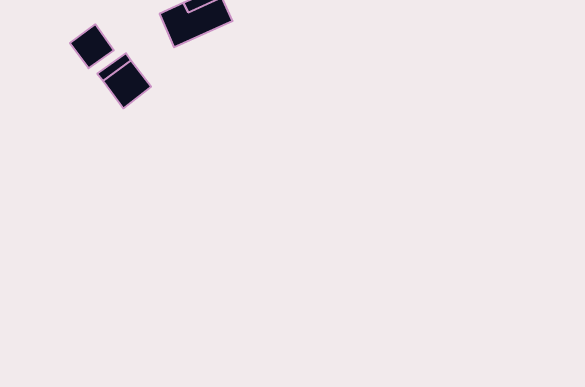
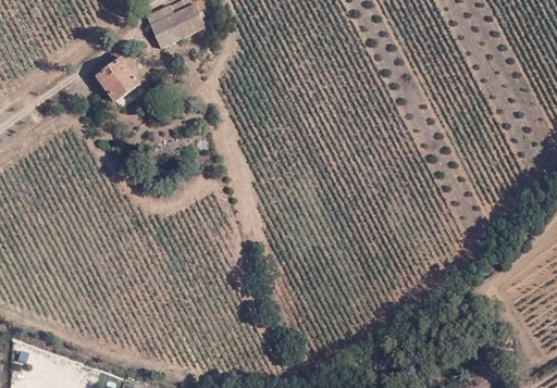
building: [70,24,114,68] -> none

